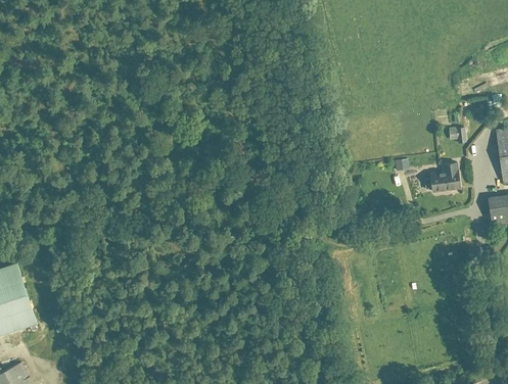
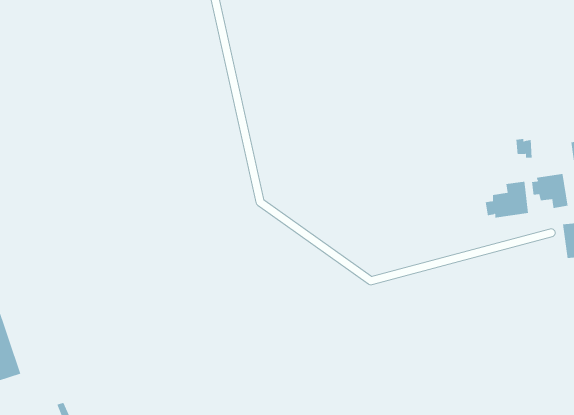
building: none -> [531,173,568,209]

